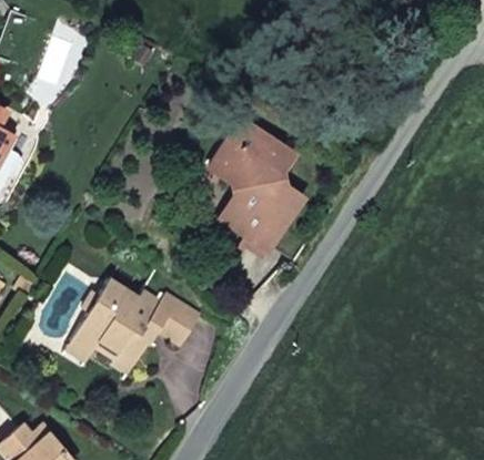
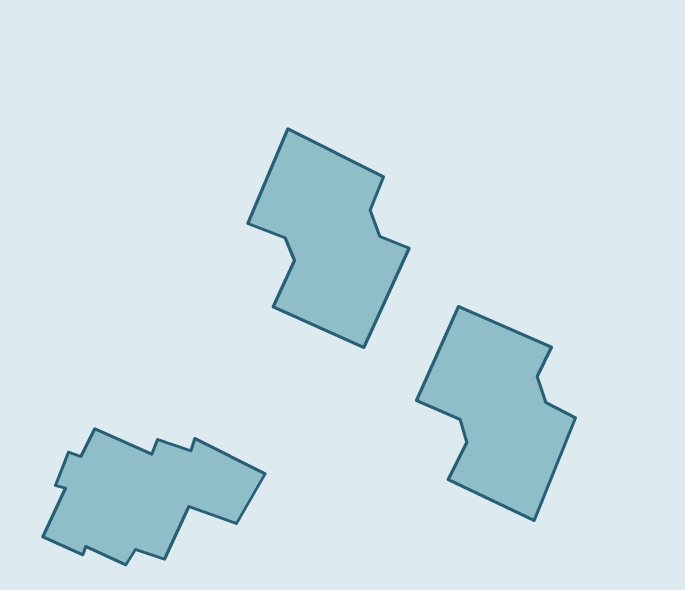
building: none -> [417,306,576,521]

